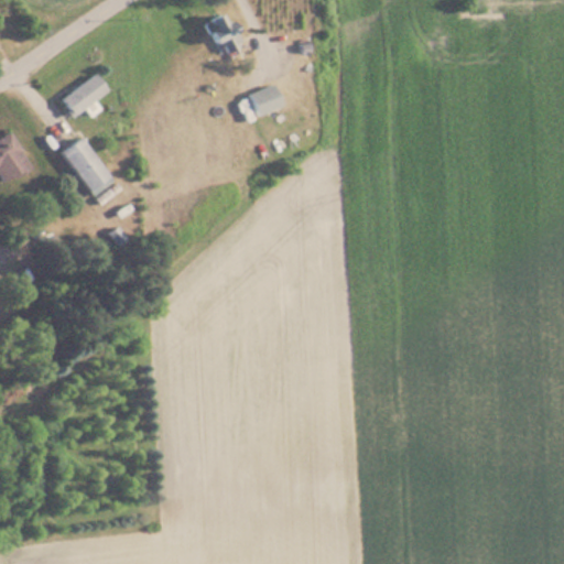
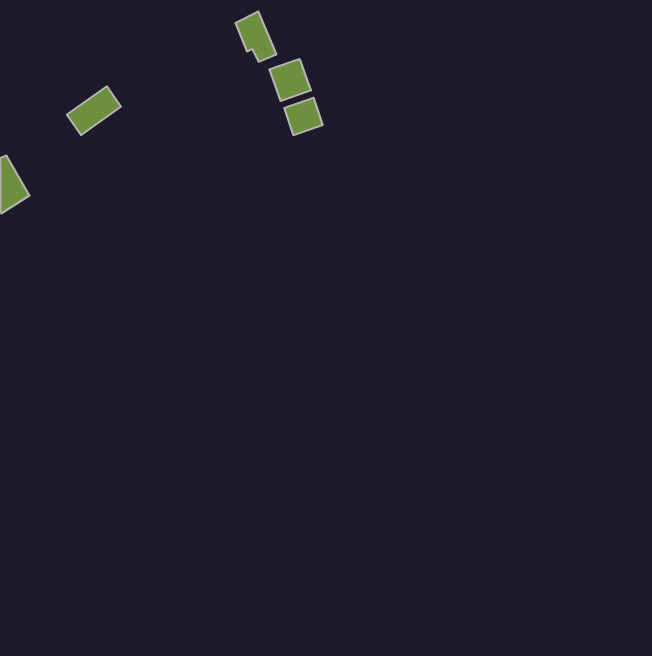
building: none -> [269,59,311,101]
building: [62,138,115,198] -> none

